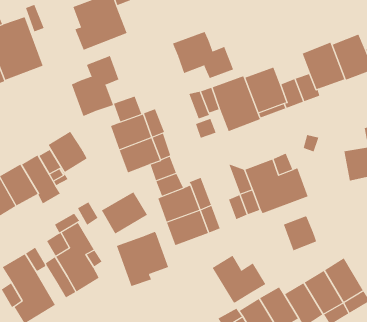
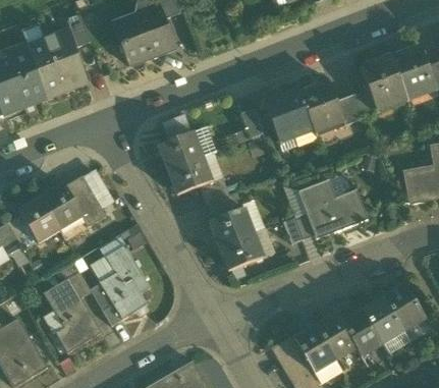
building: [172,31,234,79] -> none
building: [71,55,119,117] -> none
building: [48,130,88,173] -> none
building: [101,192,148,235] -> none
building: [283,215,317,251] -> none
building: [116,231,169,287] -> none
building: [212,255,266,303] -> none

